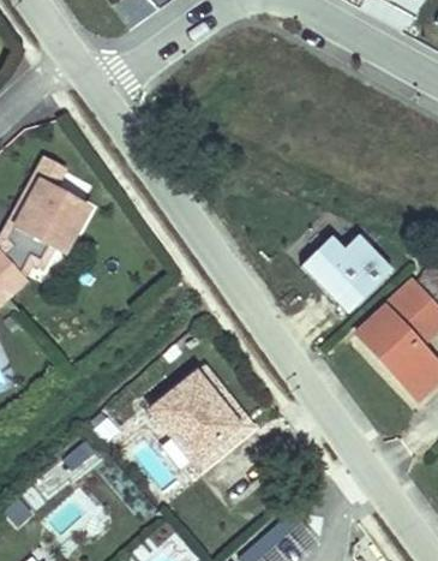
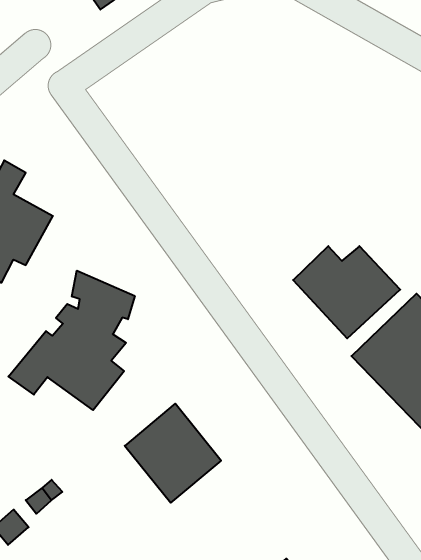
building: none -> [8,271,135,410]
building: [192,365,254,470] -> none

